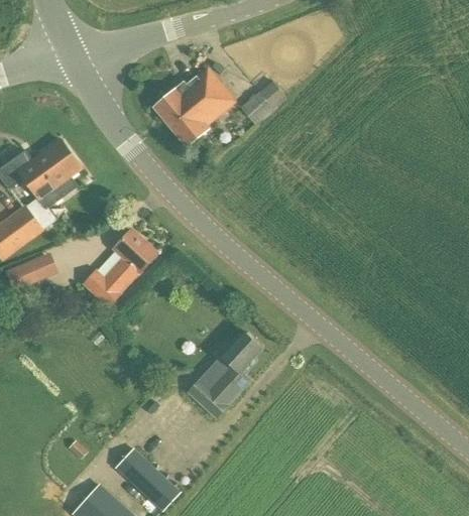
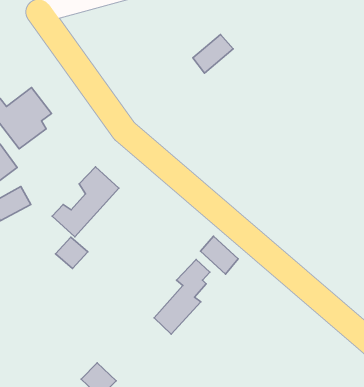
building: [153,68,234,145] -> none
building: none -> [200,236,238,274]
building: none -> [56,237,88,269]

